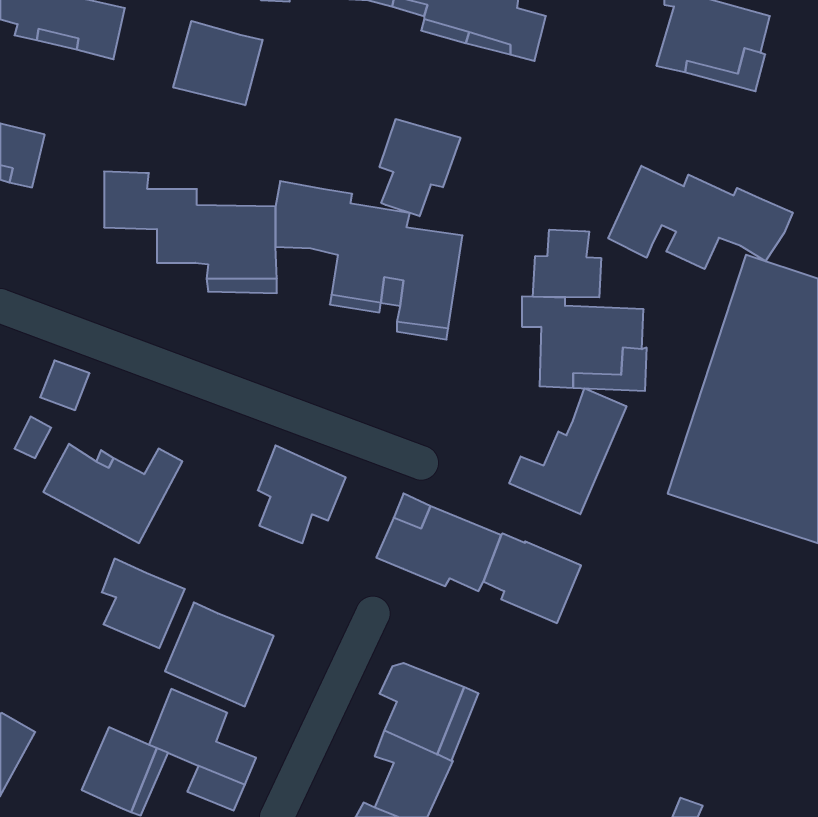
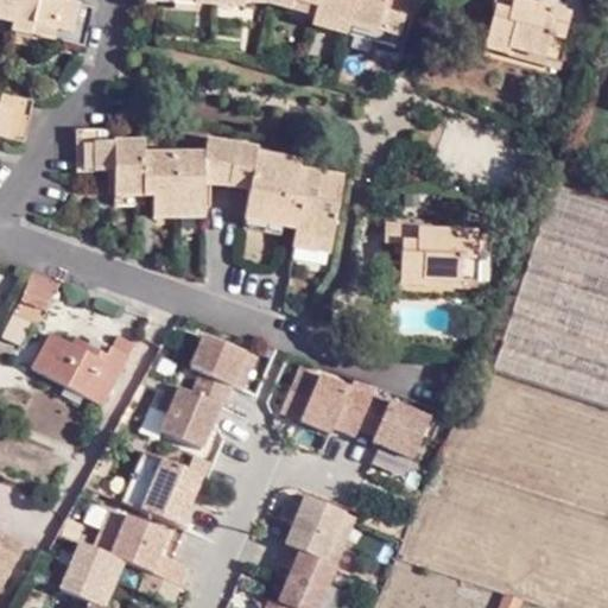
building: [173,21,263,105] -> none
building: [380,119,460,216] -> none
building: [608,166,793,269] -> none
building: [533,230,601,297] -> none
building: [509,388,626,514] -> none
building: [102,559,185,648] -> [159,379,221,445]

